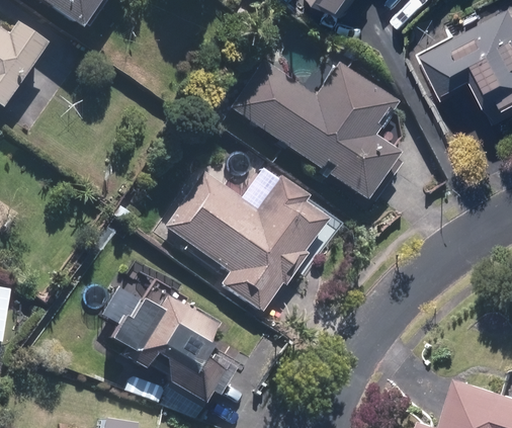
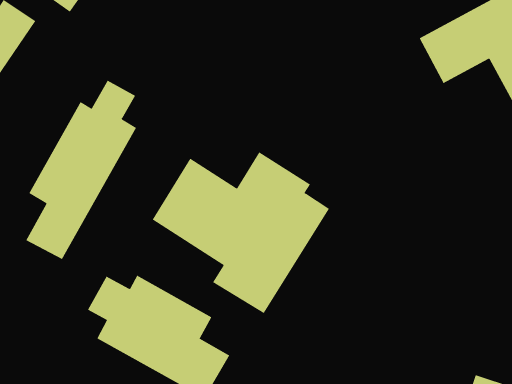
building: [226,55,402,199] -> none
building: none -> [25,80,137,260]

